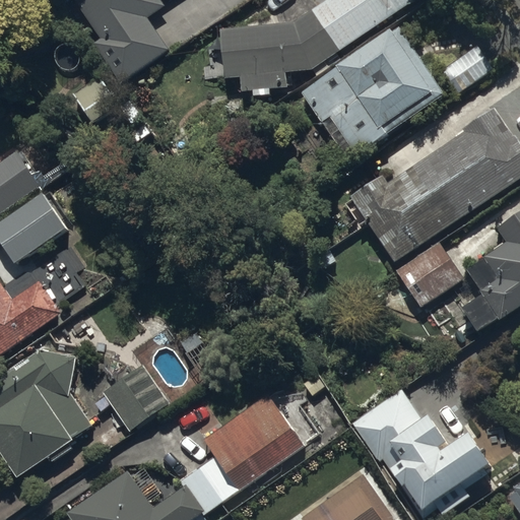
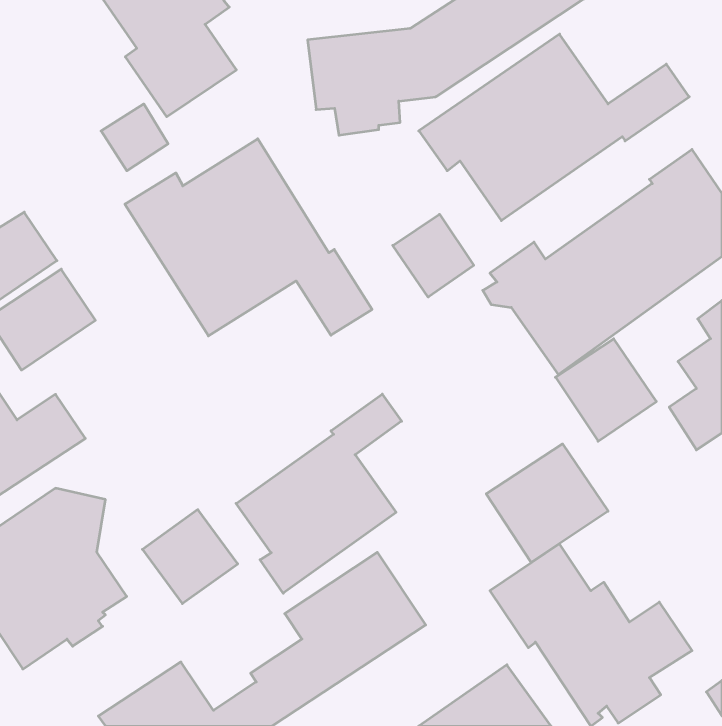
building: none -> [125,139,372,336]
building: none -> [393,214,474,297]
building: none -> [236,394,402,593]
building: none -> [486,444,608,563]

